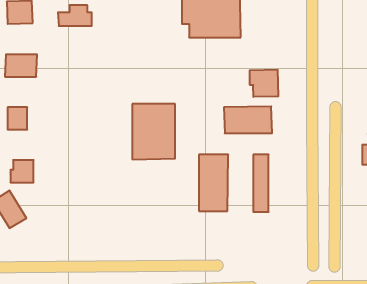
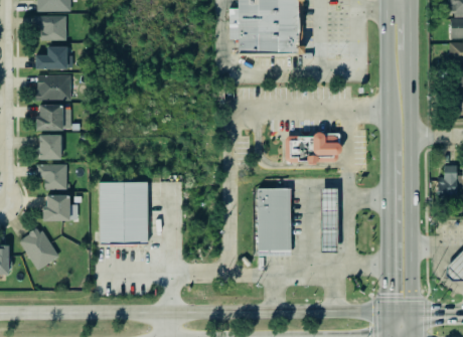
building: [58,5,92,26] -> [35,45,73,68]
building: [250,70,278,97] -> none
building: none -> [36,105,72,130]
building: [132,104,175,159] -> [96,181,144,243]
building: none -> [39,166,68,190]

